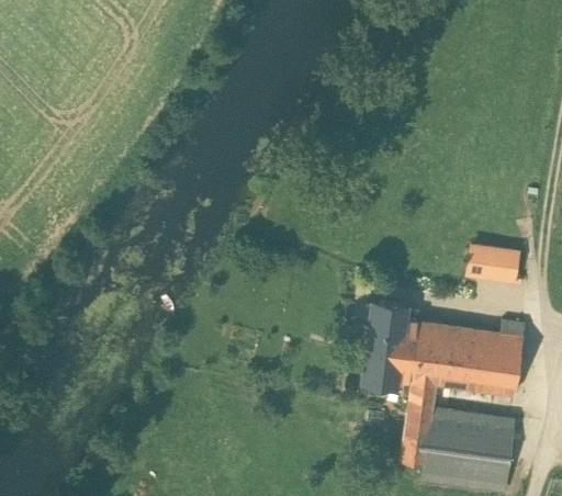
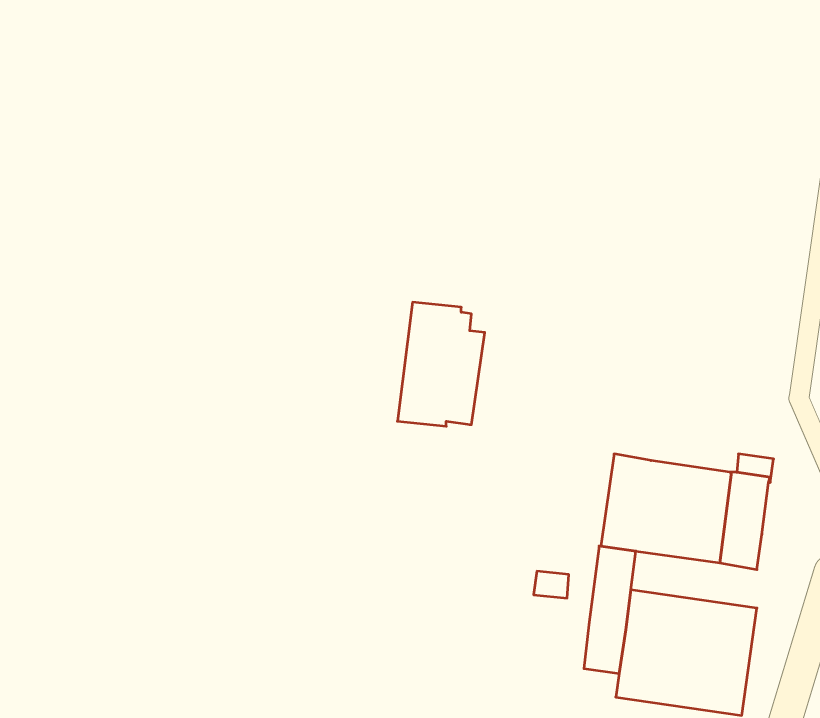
building: [468,245,519,280] -> none
building: [364,301,422,382] -> [397,302,485,426]

